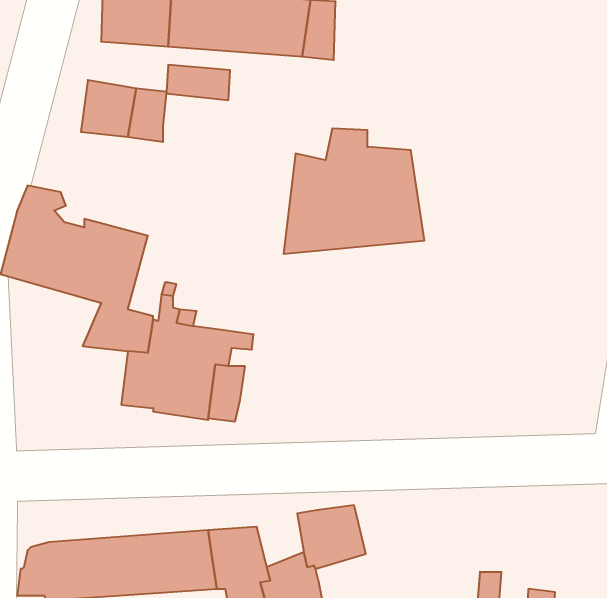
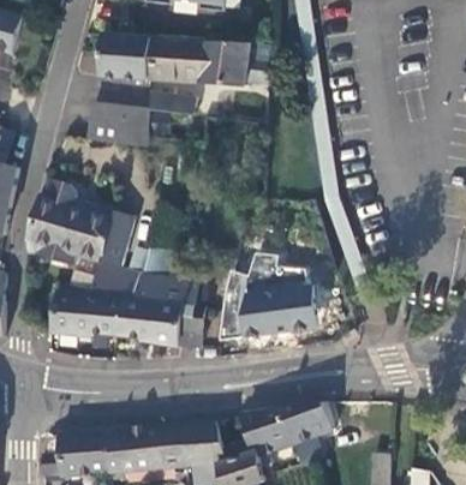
building: [284,128,424,254] -> [222,257,323,347]
building: none -> [50,291,120,336]
building: none -> [282,402,331,442]

